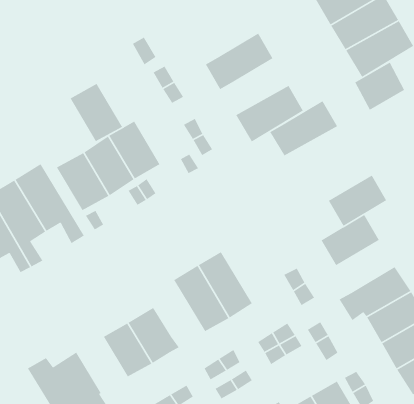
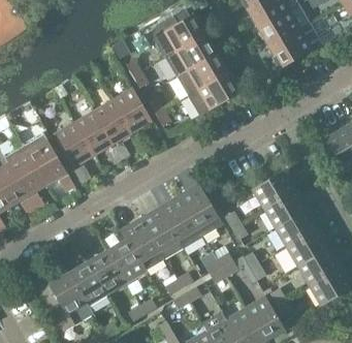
building: none -> [154,13,205,57]
building: [354,62,405,111] -> none
building: [69,83,123,142] -> [113,88,153,132]
building: [269,100,338,157] -> [177,53,228,95]
building: [328,174,387,227] -> [263,189,308,228]
building: none -> [178,184,223,237]
building: none -> [121,219,165,270]
building: none -> [69,261,107,304]

